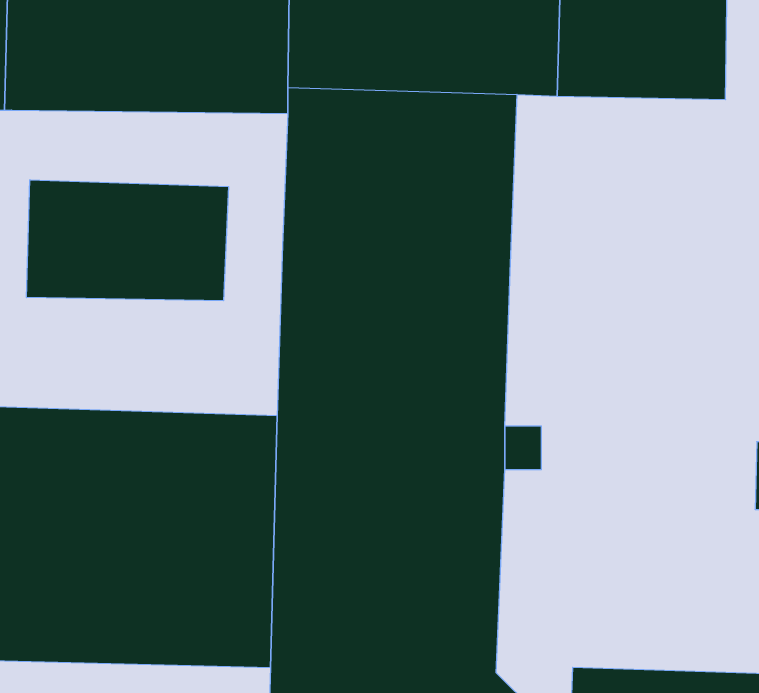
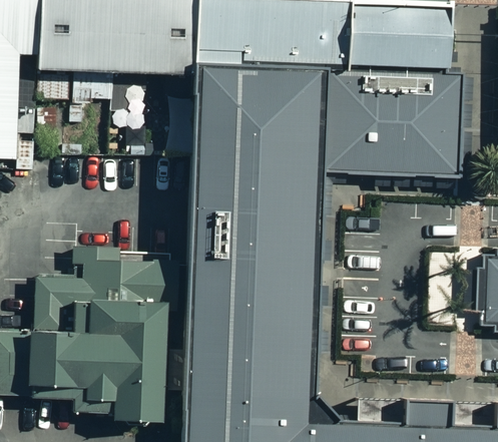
building: none -> [324,72,462,177]
building: [27,180,229,301] -> none

